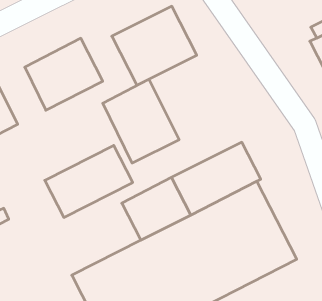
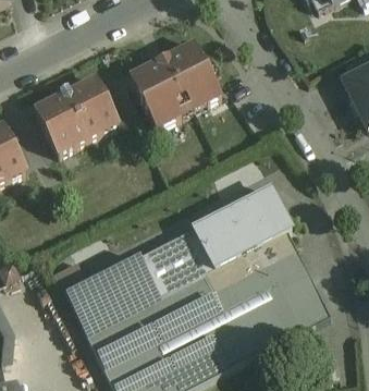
building: [103,79,179,163] -> none
building: [45,145,133,217] -> [65,255,161,333]

